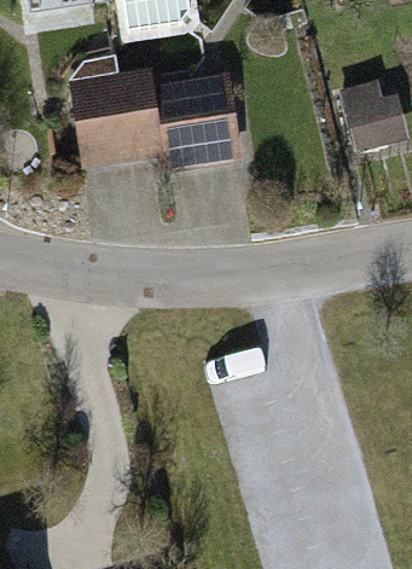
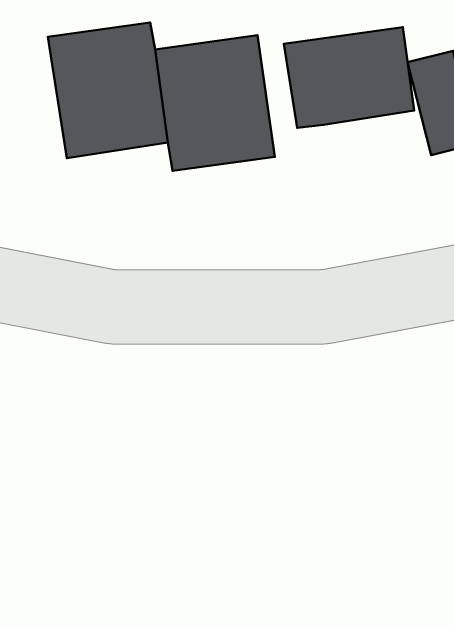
building: none -> [284,27,414,128]

